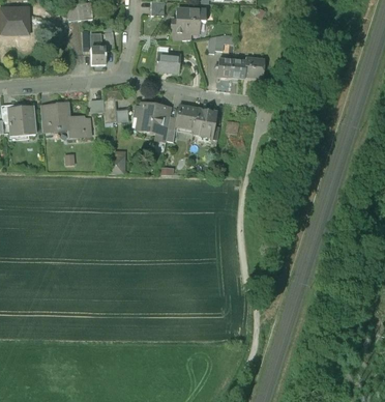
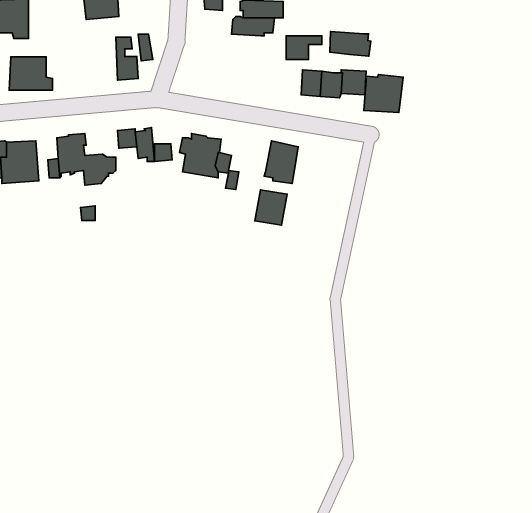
building: none -> [330,31,371,56]
building: none -> [9,57,53,90]
building: [156,52,180,71] -> none
building: none -> [364,75,403,112]
building: [175,104,198,128] -> [255,190,287,225]

